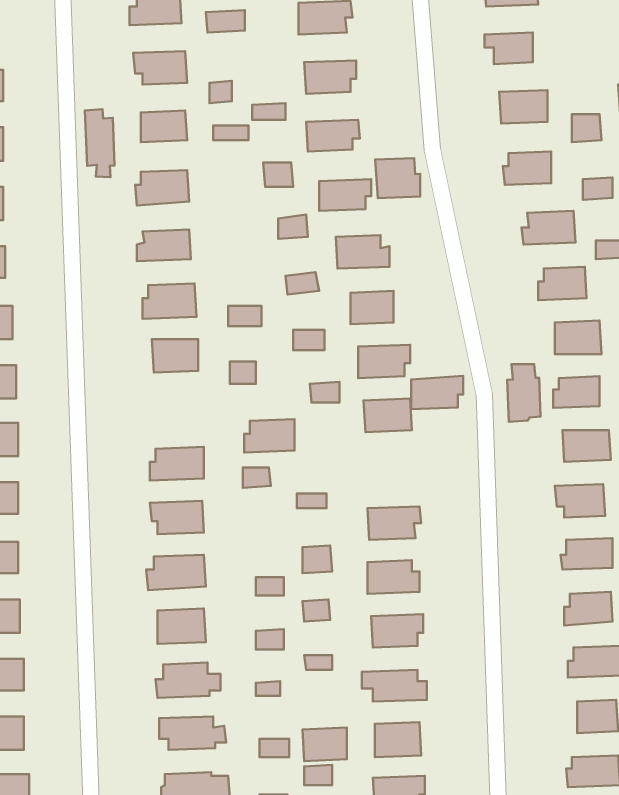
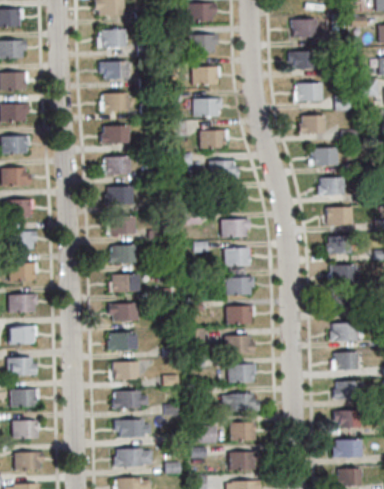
building: [85,109,115,177] -> none
building: [375,158,420,198] -> none
building: [507,364,541,422] -> none
building: [411,376,463,409] -> [226,276,254,294]
building: [244,419,294,452] -> [110,245,137,263]

